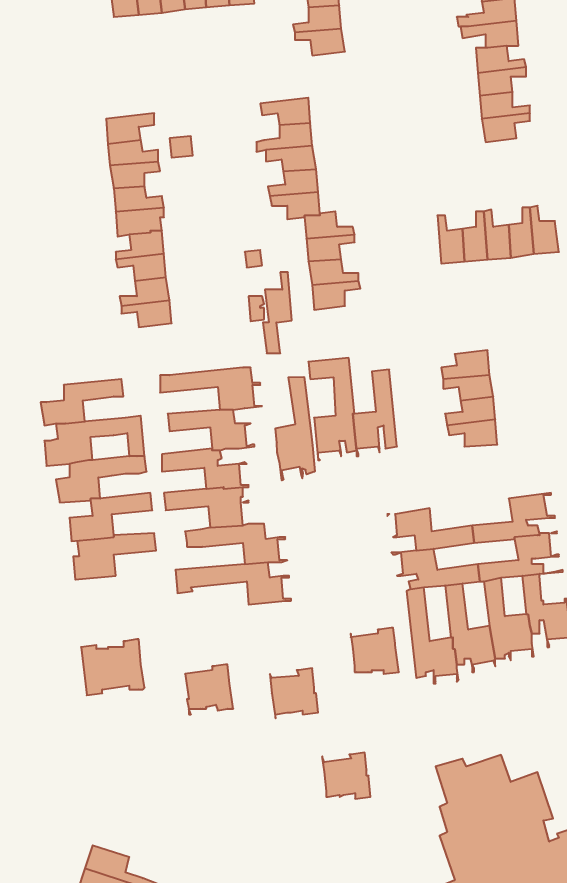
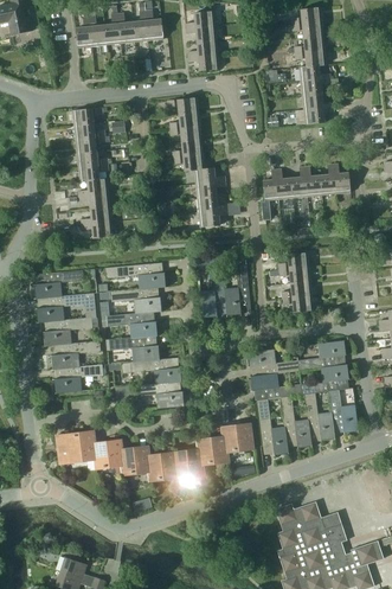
building: [263,272,292,353] -> [261,168,278,218]
building: [275,377,315,480] -> none
building: none -> [94,438,123,468]
building: none -> [148,450,176,481]
building: [322,753,370,799] -> [198,435,227,463]

